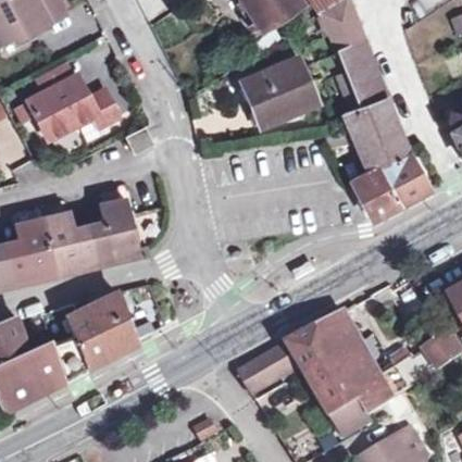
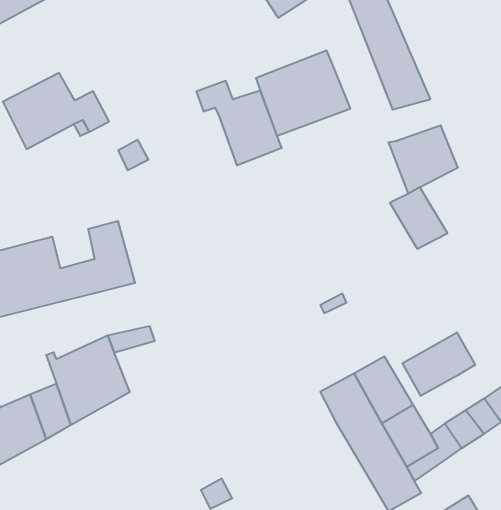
building: none -> [197,81,282,165]
building: [340,98,394,134] -> none
building: [376,154,430,209] -> none
building: none -> [402,332,475,396]
building: [241,340,307,394] -> none

